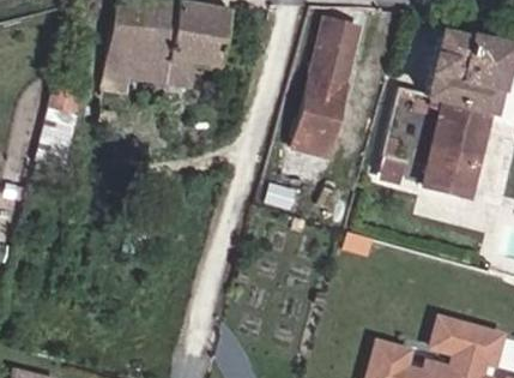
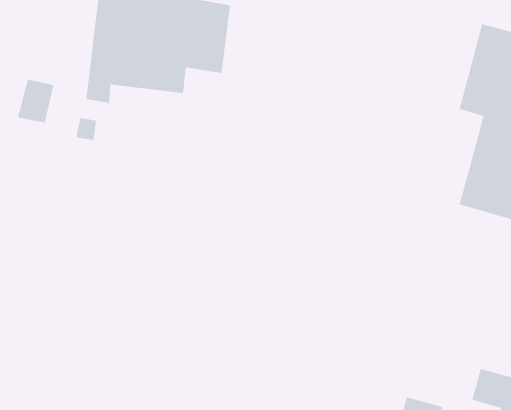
building: [292,14,361,156] -> none
building: [375,84,442,180] -> none

